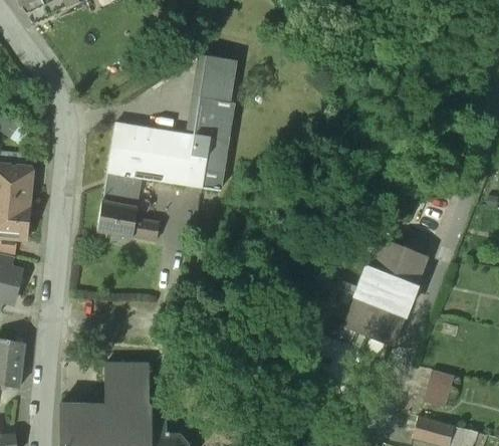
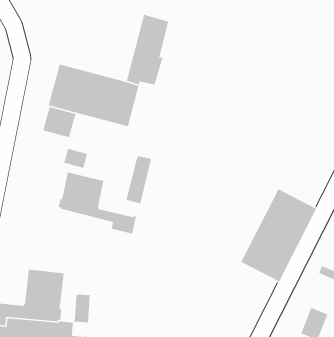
building: [202,134,227,190] -> [125,155,152,205]
building: [97,202,137,237] -> none
building: none -> [58,172,137,235]
building: none -> [74,294,90,323]

